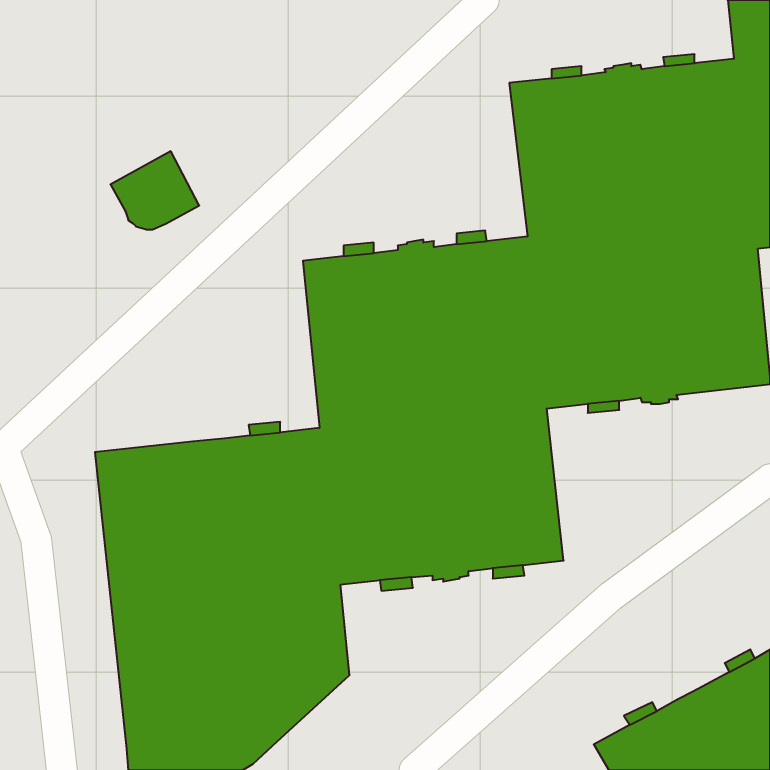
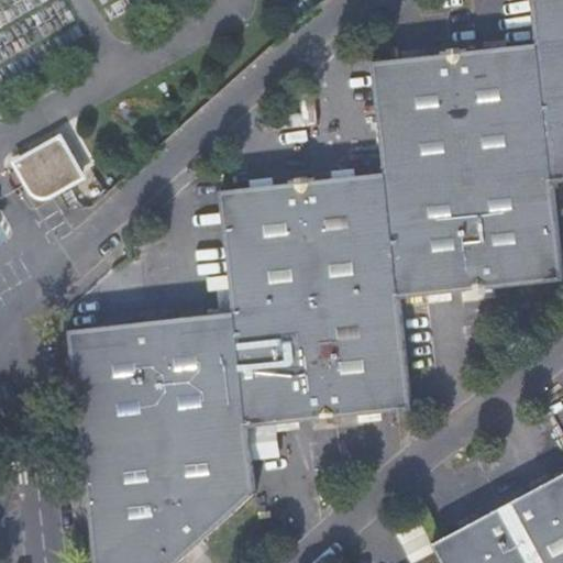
building: [110,151,199,230] -> [18,139,82,196]

